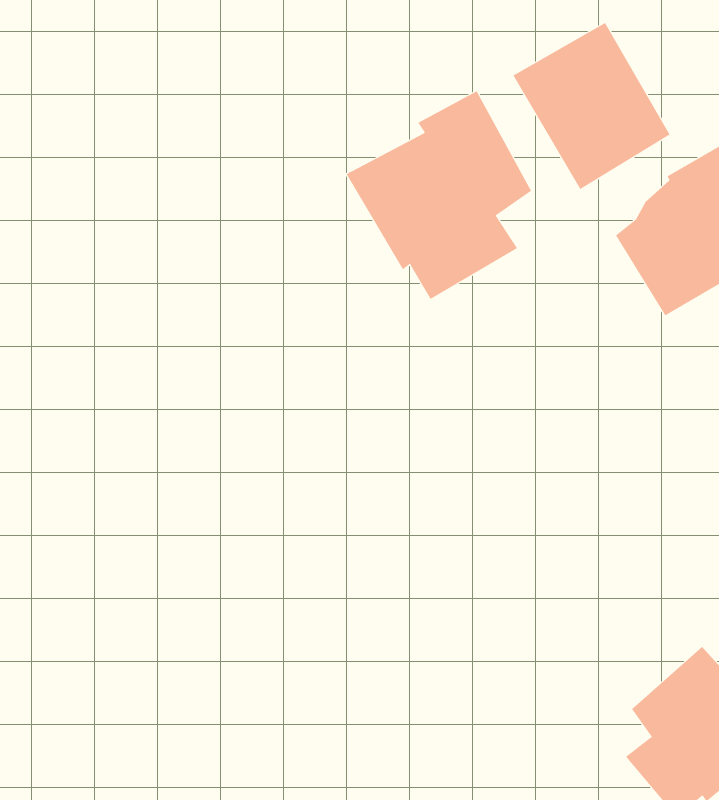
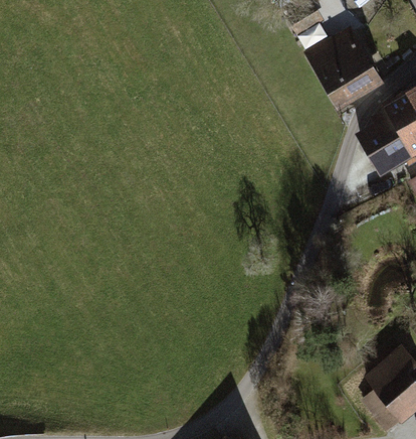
building: [346,90,532,300] -> none

